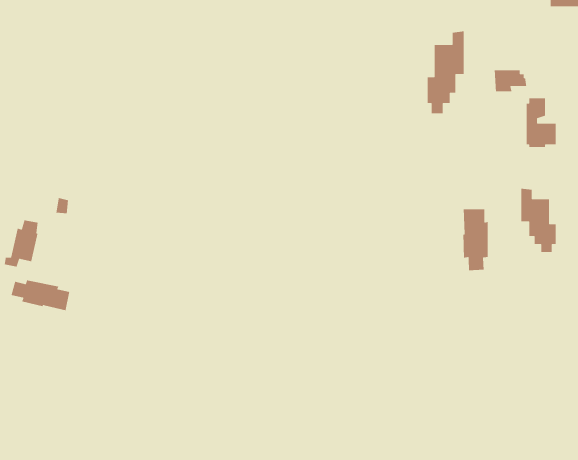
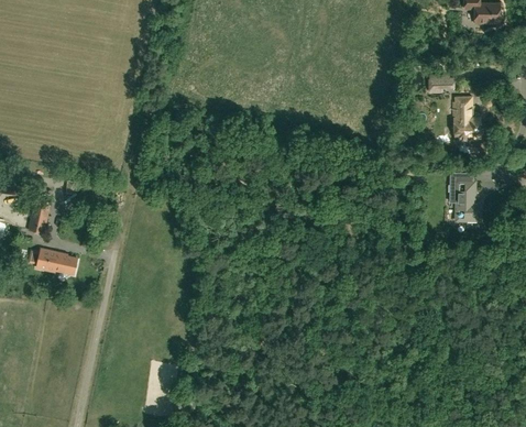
building: [427,30,464,114] -> none
building: [462,209,488,271] -> none

